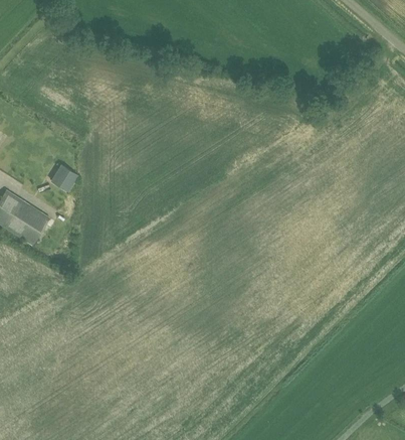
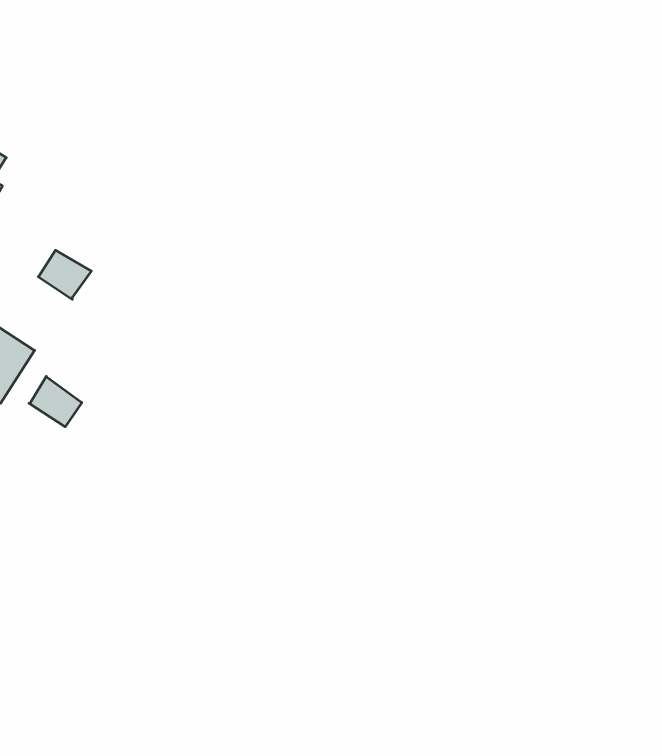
building: none -> [29,376,82,427]

